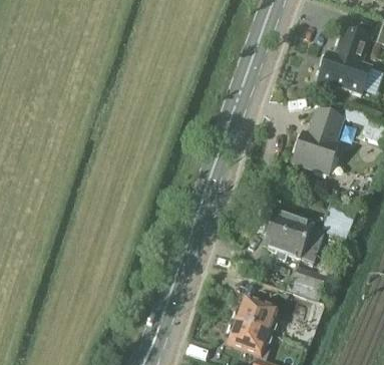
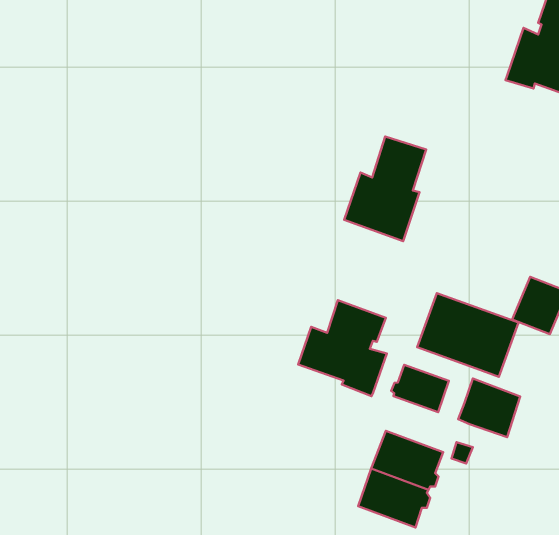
building: [292,108,342,172] -> [344,136,426,241]
building: none -> [298,300,387,396]
building: none -> [391,365,449,412]

